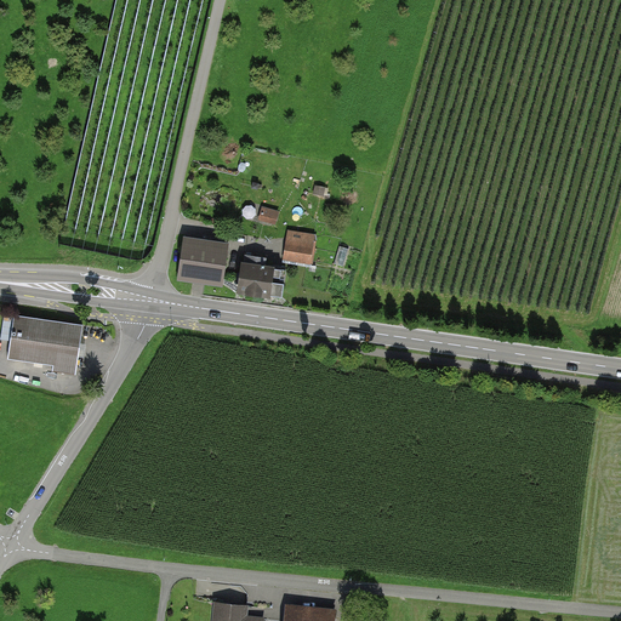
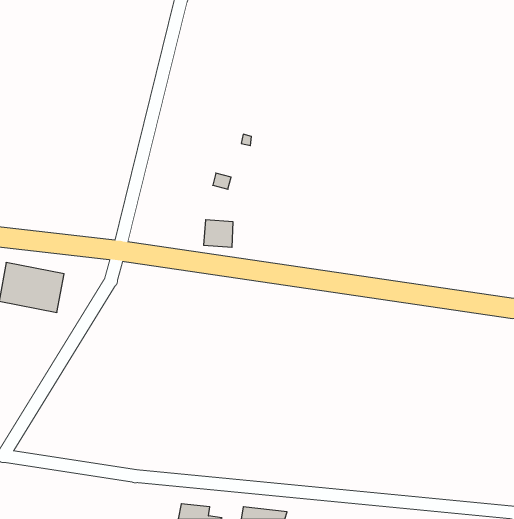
building: [281,230,313,263] -> none
building: [178,235,230,285] -> none

